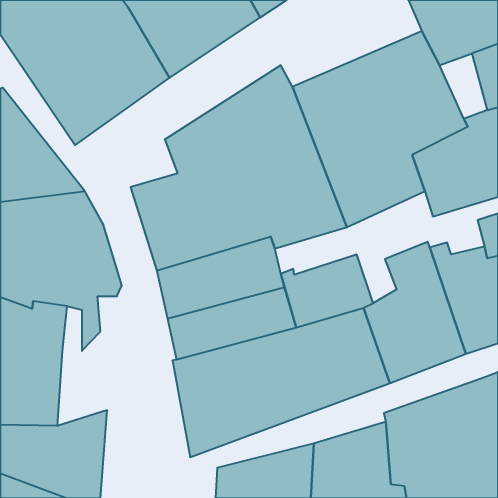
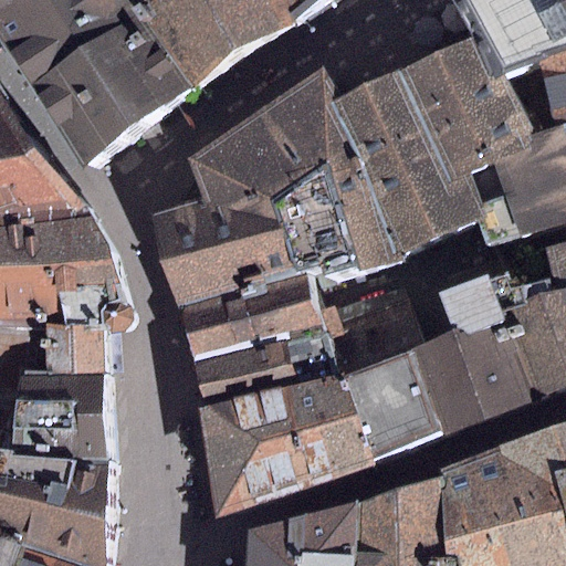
building: none -> [65,376,122,483]

